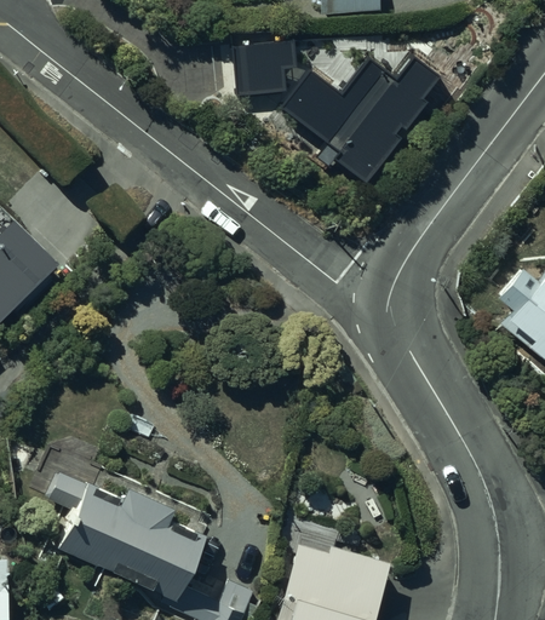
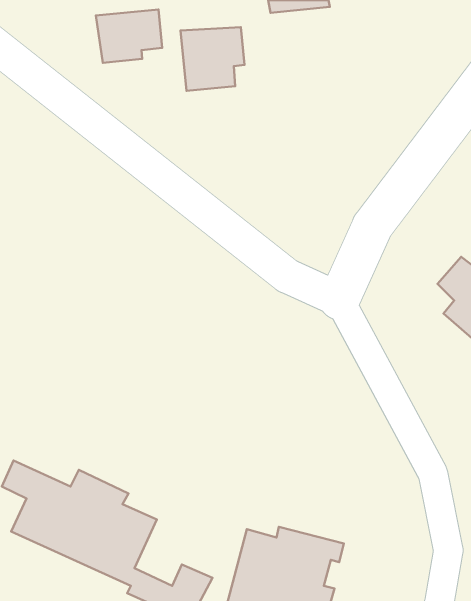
building: none -> [96,9,162,63]
building: [282,56,440,186] -> none

